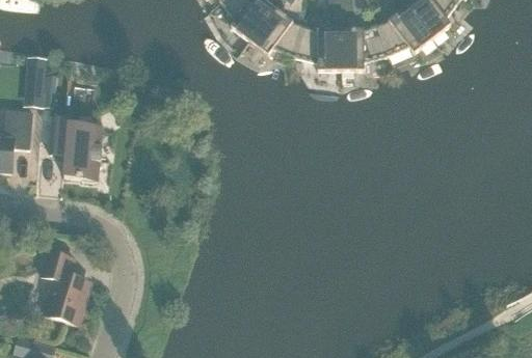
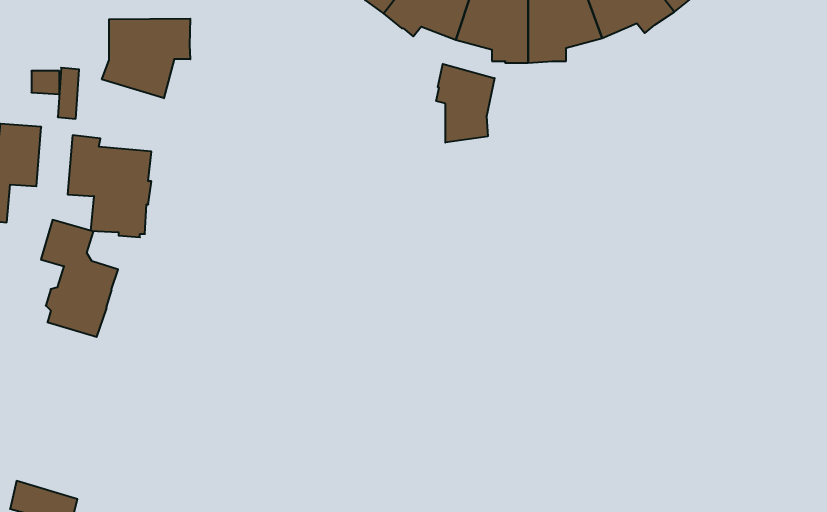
building: none -> [102,19,190,98]
building: none -> [436,64,495,143]
building: [41,249,89,323] -> [41,220,118,337]

